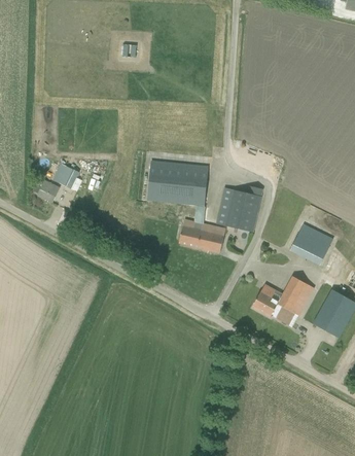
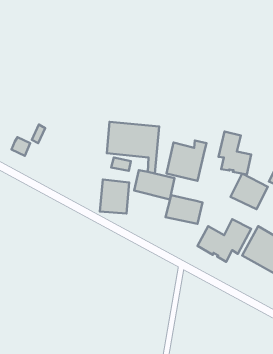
building: none -> [219,132,251,174]
building: none -> [100,179,129,213]
building: none -> [166,195,203,224]

